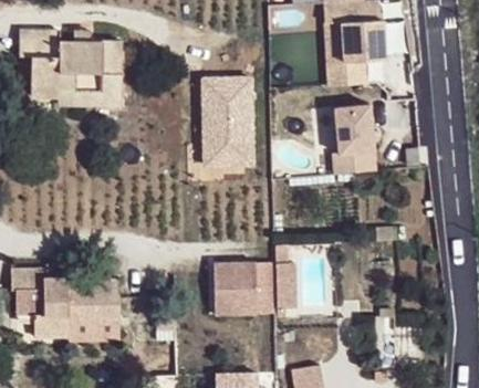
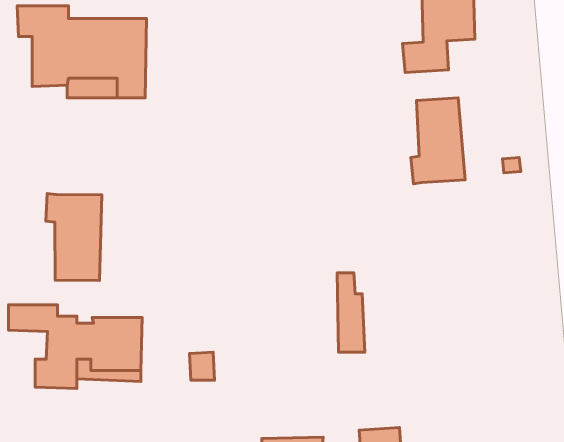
building: [200,76,256,169] -> none
building: none -> [46,194,102,280]
building: [214,262,257,314] -> none

